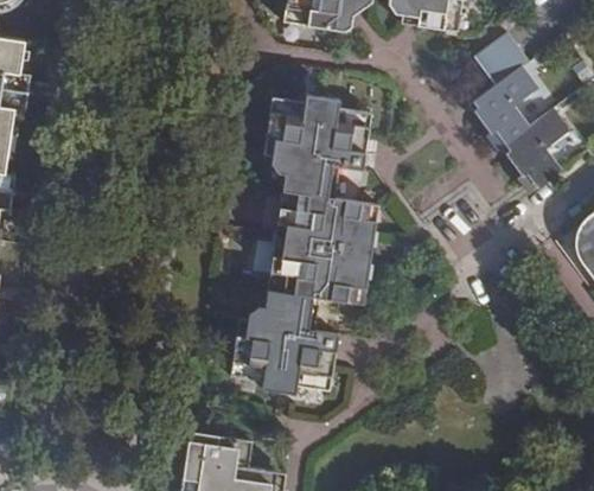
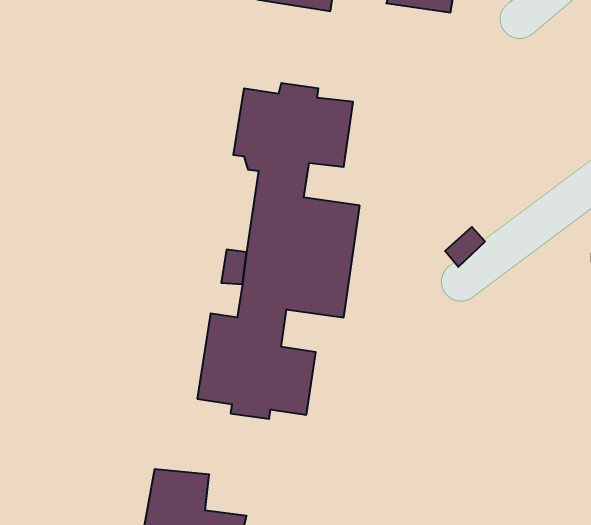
building: [472,33,571,196] -> none

